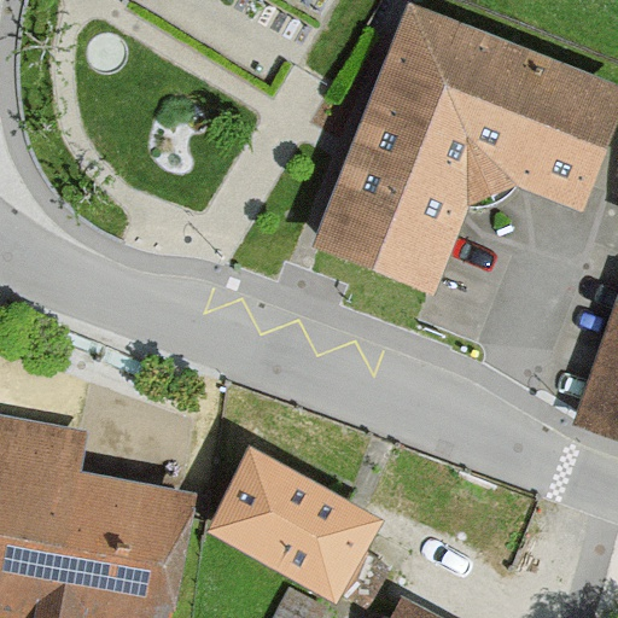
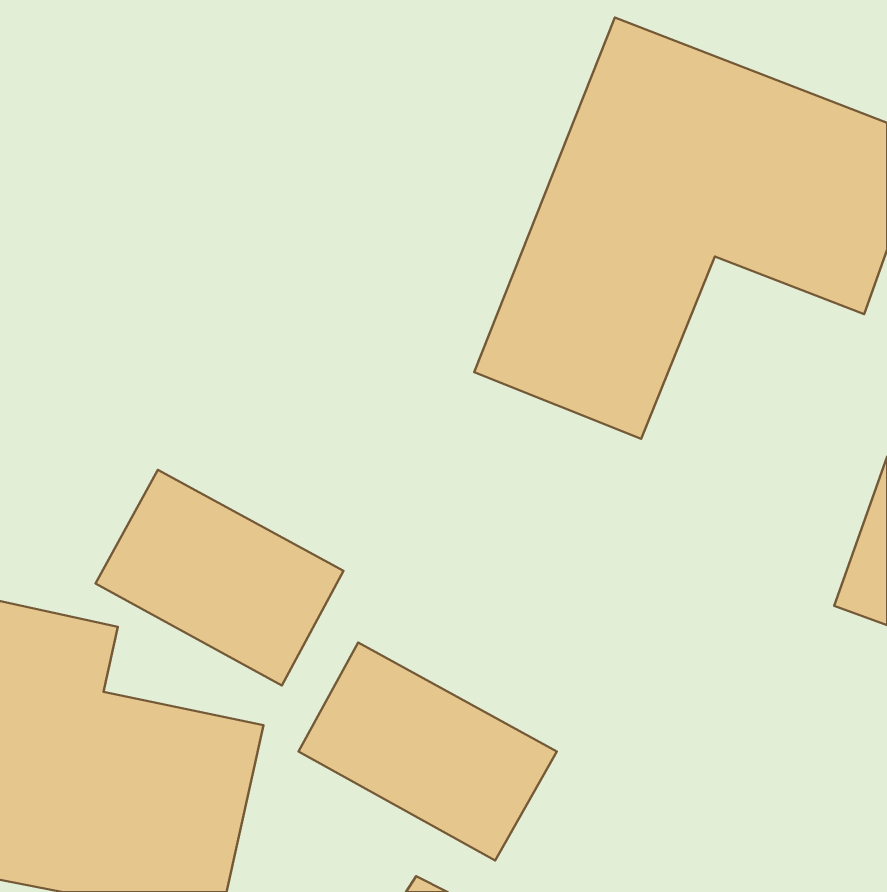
building: none -> [96,470,343,686]

